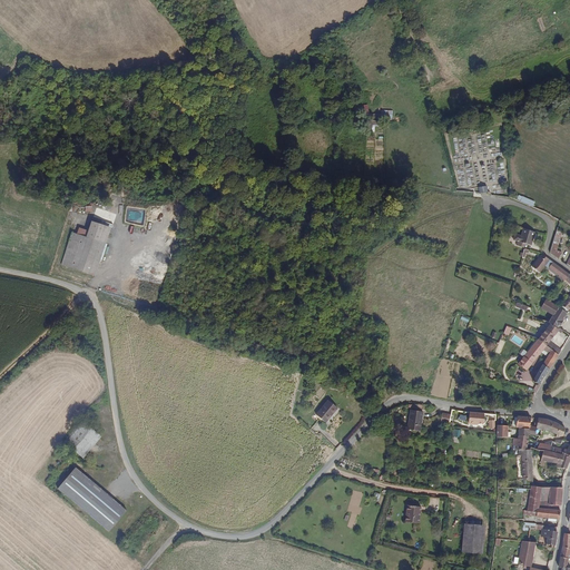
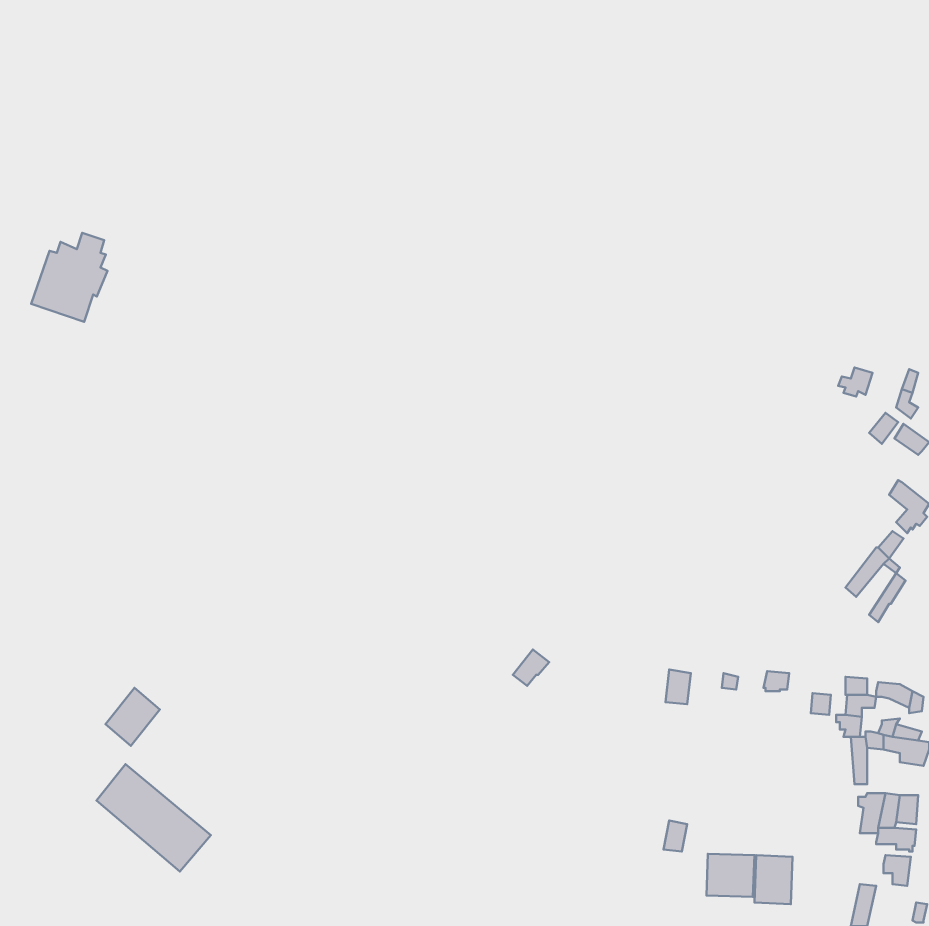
building: [59,219,106,274] -> [31,233,108,322]
building: none -> [706,854,754,897]

